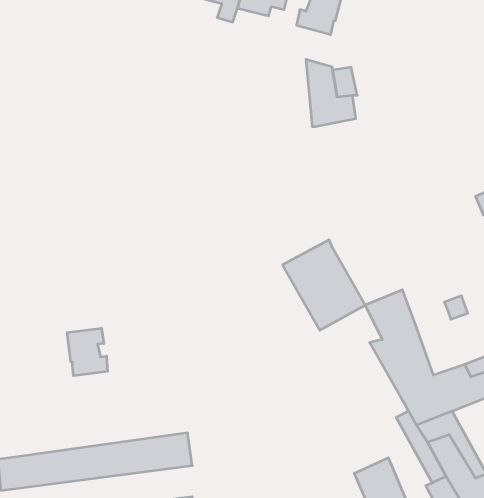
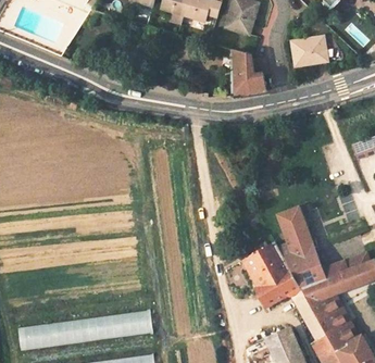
building: none -> [289,36,323,66]
building: [283,240,365,330] -> [241,241,299,304]
building: [67,328,108,376] -> none

